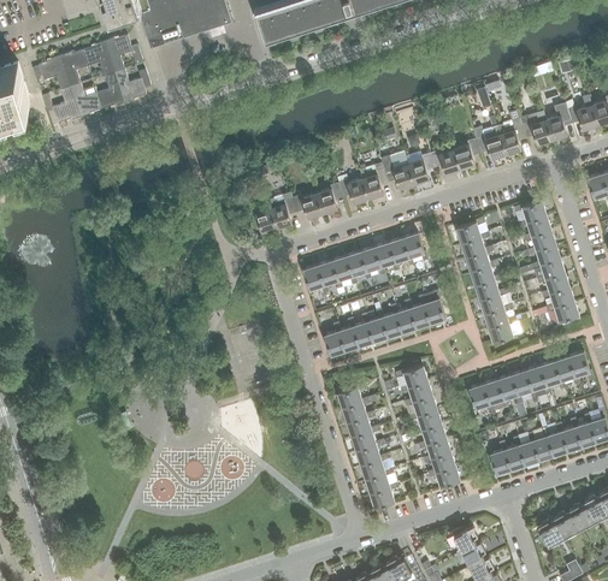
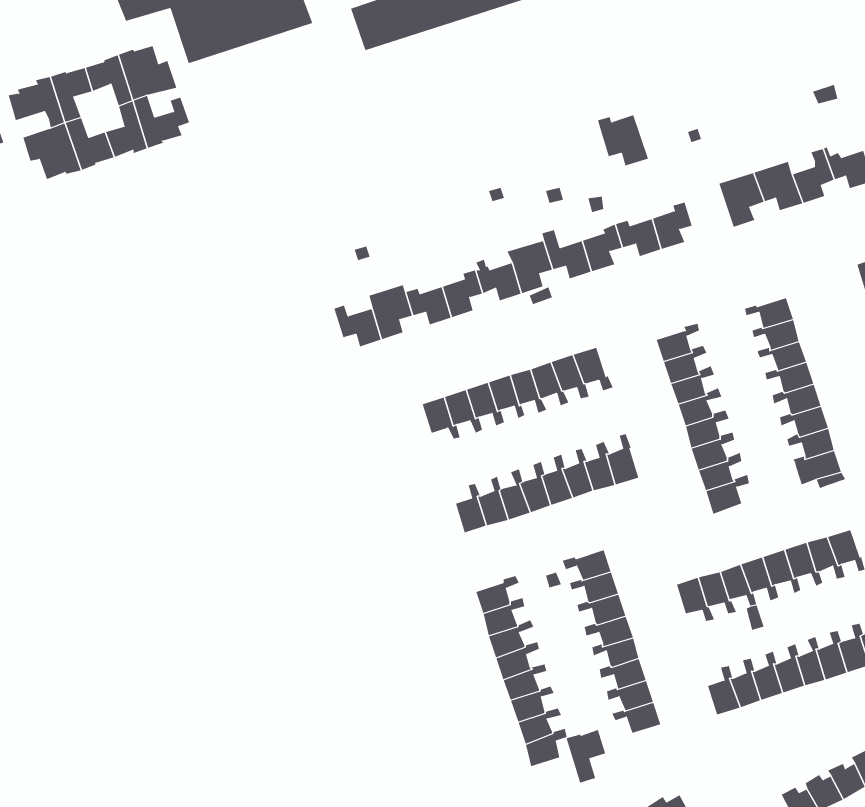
building: [473,126,507,160] -> [597,115,649,166]
building: none -> [566,729,606,784]

